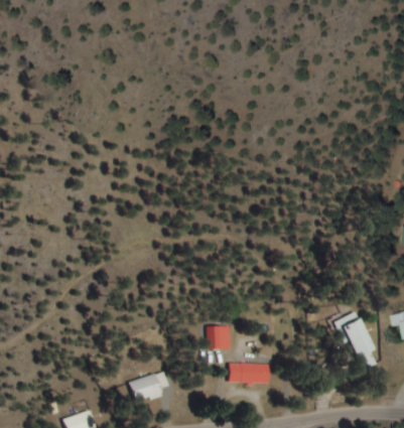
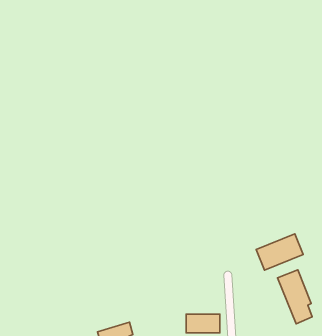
building: none -> [256,234,303,270]
building: [209,325,232,348] -> none

